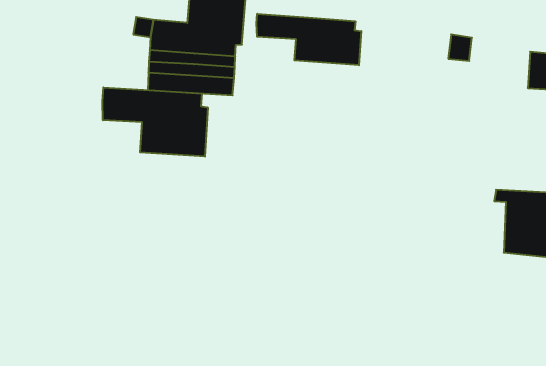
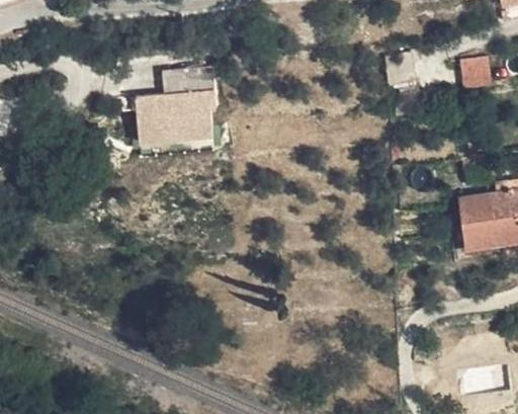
building: [256,14,361,65] -> none
building: [102,87,208,157] -> none

